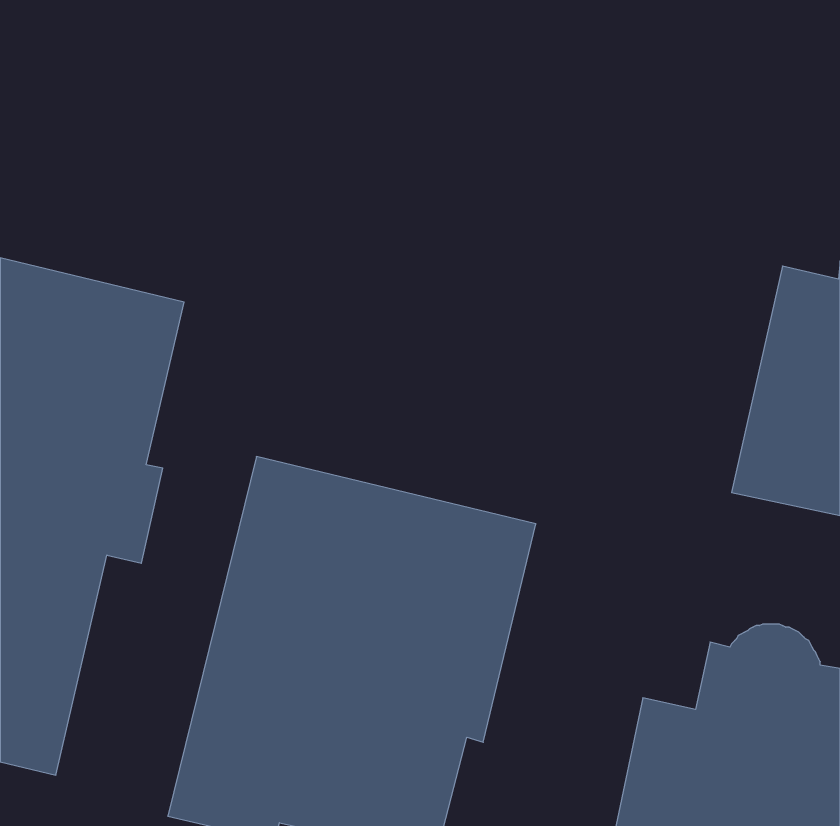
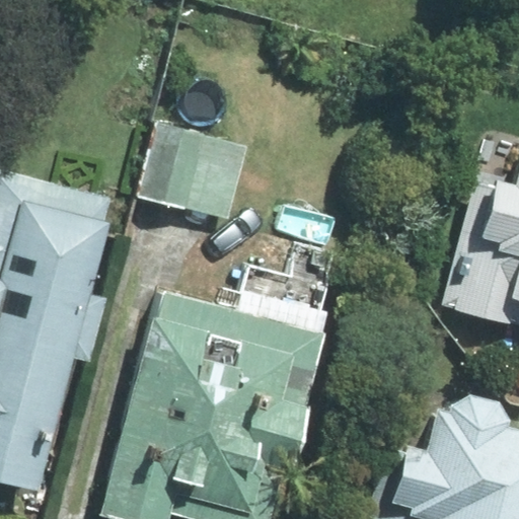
building: none -> [146,133,243,219]

